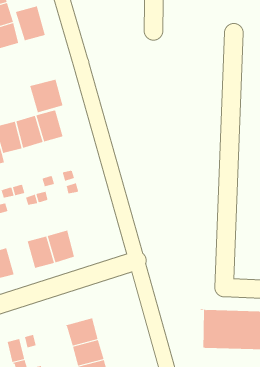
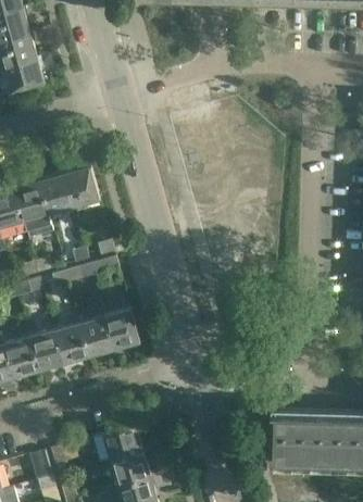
building: [15,5,46,41] -> none
building: [30,79,63,113] -> none
building: none -> [104,309,139,350]
building: none -> [28,330,63,372]

